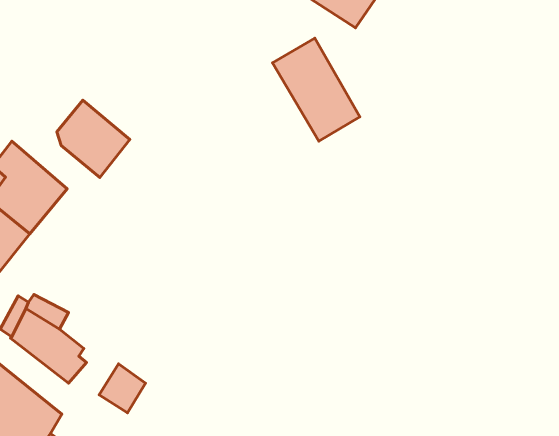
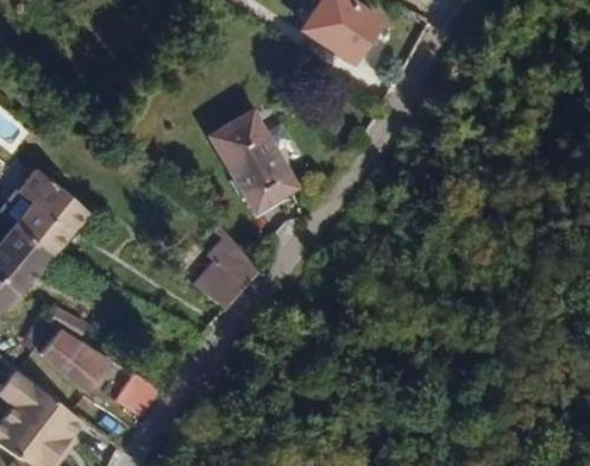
building: [272,38,360,141] -> [213,114,294,209]
building: [57,100,130,177] -> none
building: none -> [197,226,258,311]

